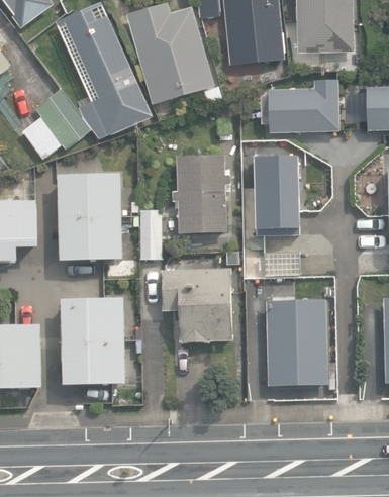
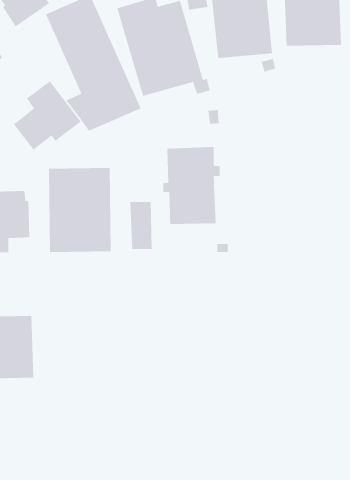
building: [260,80,339,132] -> none
building: [254,156,300,236] -> none
building: [163,268,232,340] -> none
building: [60,296,126,384] -> none
building: [266,298,327,386] -> none

